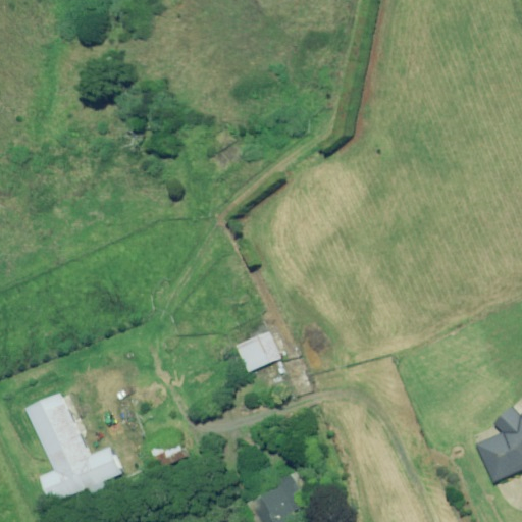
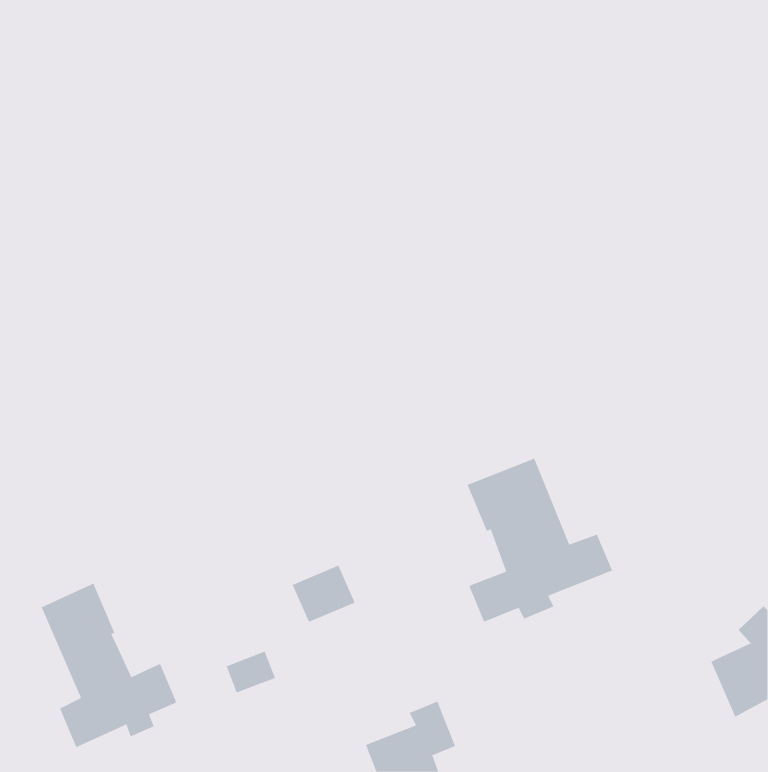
building: none -> [467,458,613,622]
building: [237,332,279,371] -> [292,565,355,623]

